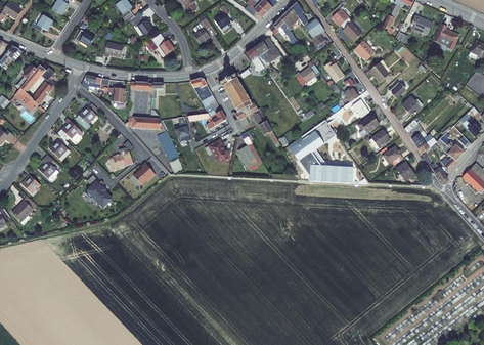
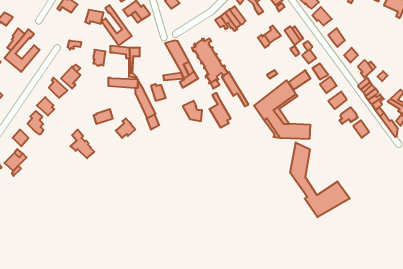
building: none -> [101,5,132,46]
building: none -> [290,142,350,217]

